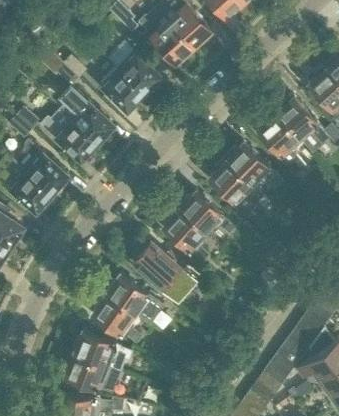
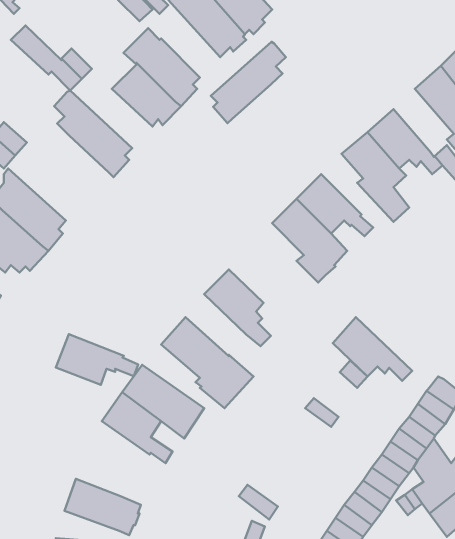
building: none -> [211,42,286,123]
building: [42,108,101,160] -> none
building: [181,191,236,235] -> [333,317,412,381]
building: [75,331,132,366] -> [56,334,138,385]

